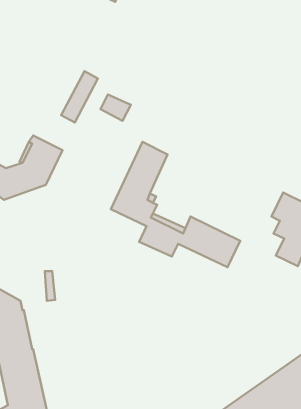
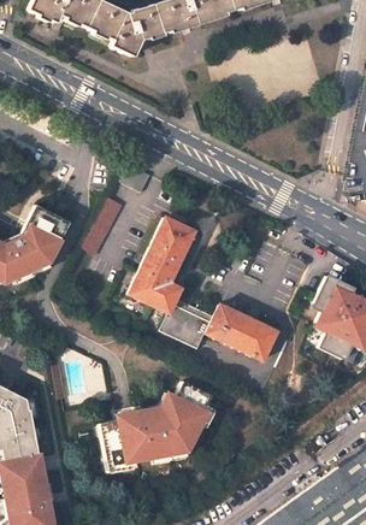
building: [61,71,98,123] -> [82,196,124,255]
building: none -> [98,382,212,467]

